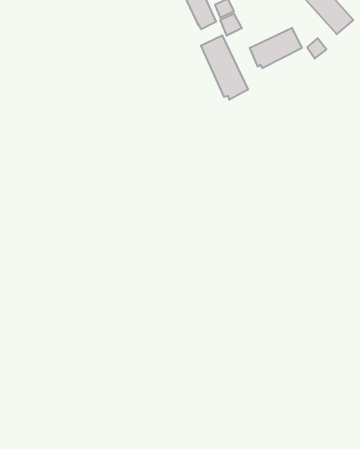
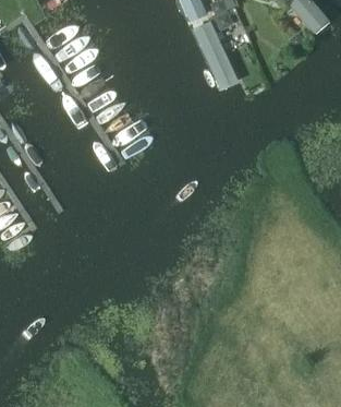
building: [250,28,302,68] -> none

